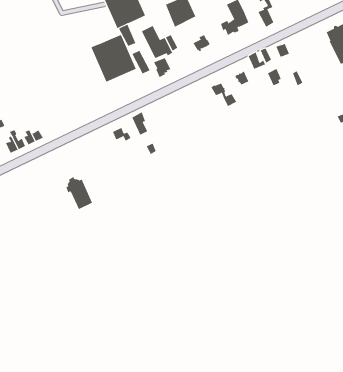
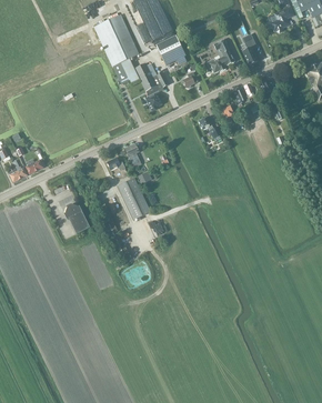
building: [91,34,137,82] -> none
building: none -> [119,177,150,219]

